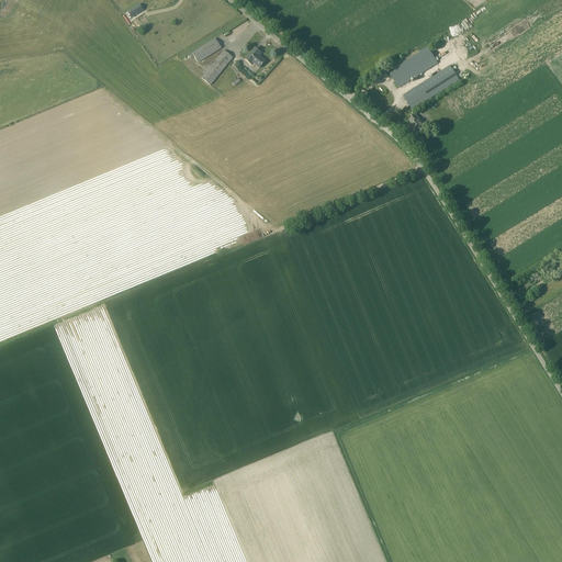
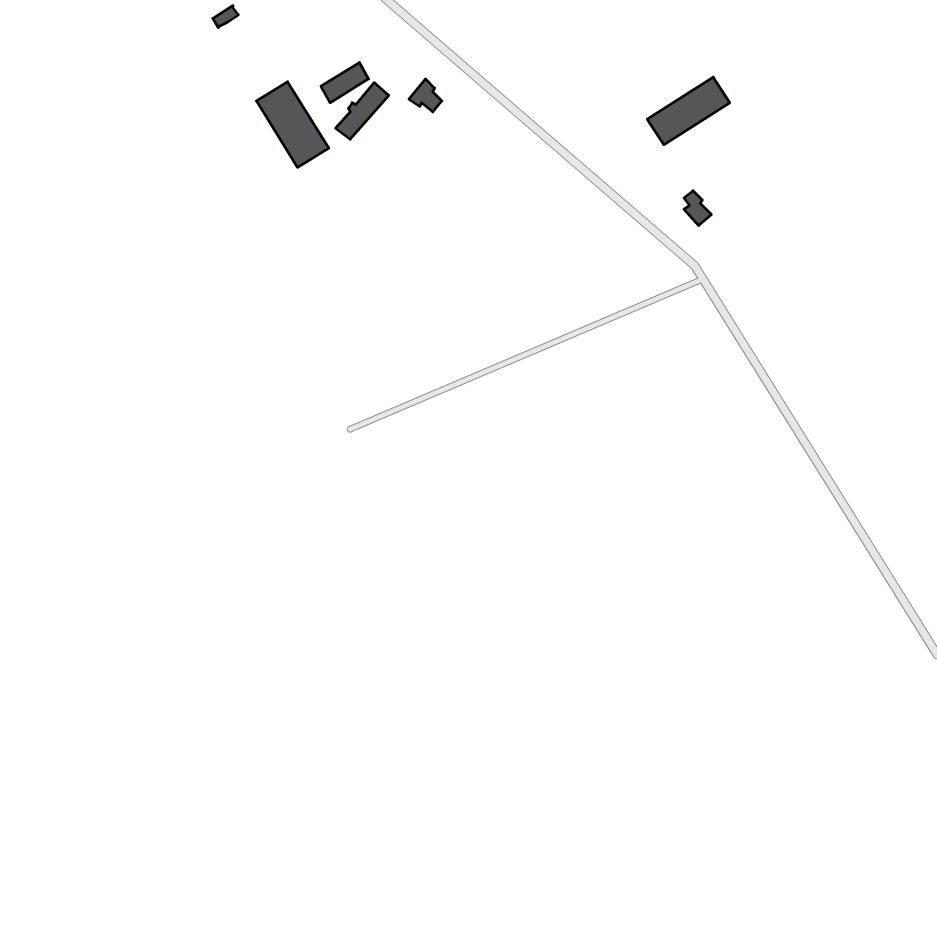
building: none -> [256,82,329,167]
building: [403,65,459,109] -> none

